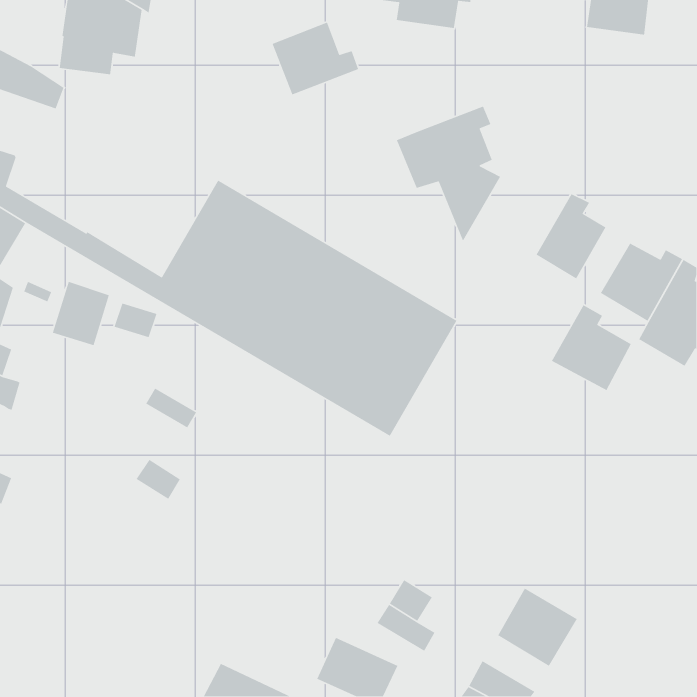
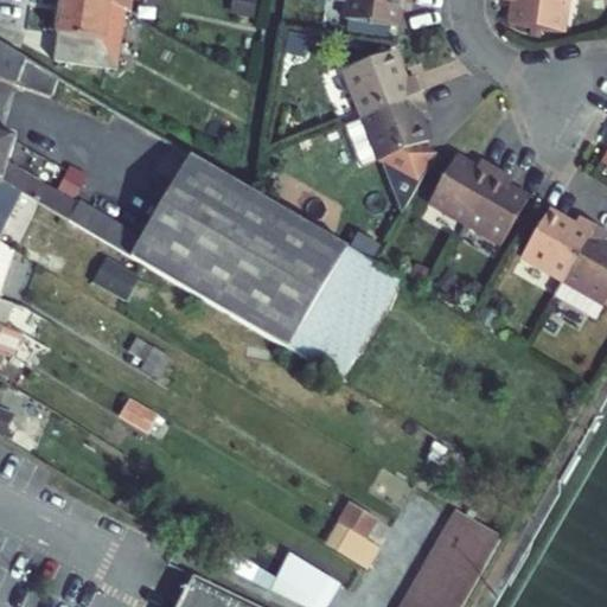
building: [271,21,359,95] -> [343,50,418,114]
building: none -> [427,155,494,221]
building: [52,281,110,346] -> none
building: [551,304,632,391] -> none
building: none -> [417,550,475,599]

